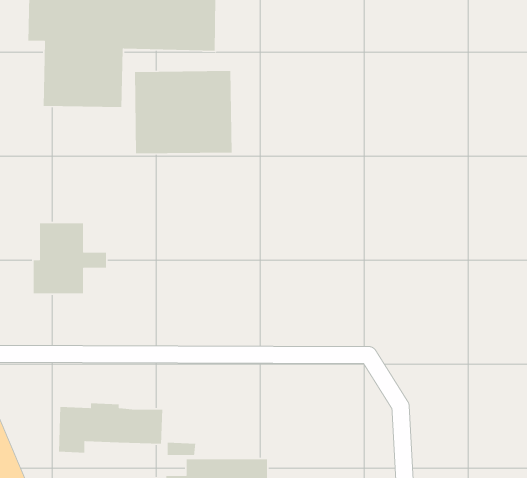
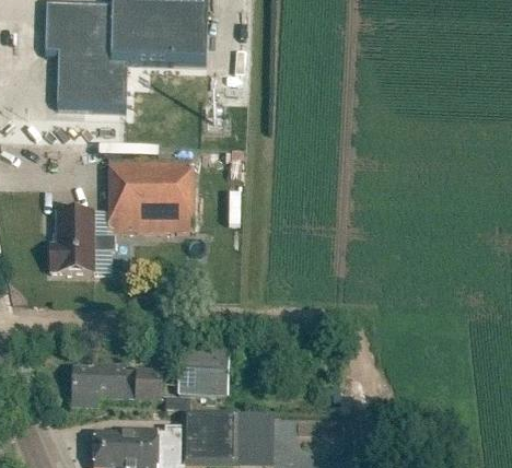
building: [134,70,232,154] -> [108,161,193,233]
building: none -> [176,346,229,394]

